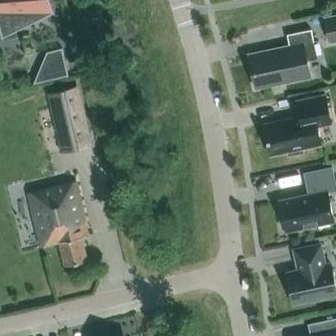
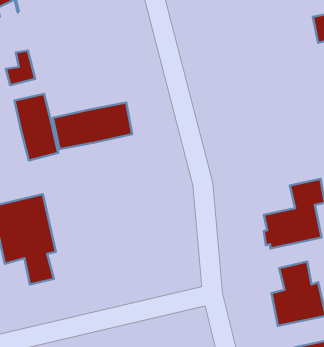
building: [248,31,314,90] -> none
building: [264,97,331,157] -> none
building: none -> [53,102,132,149]

